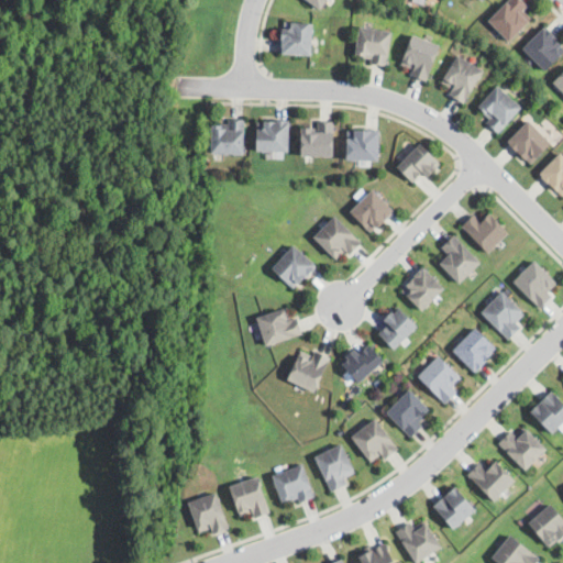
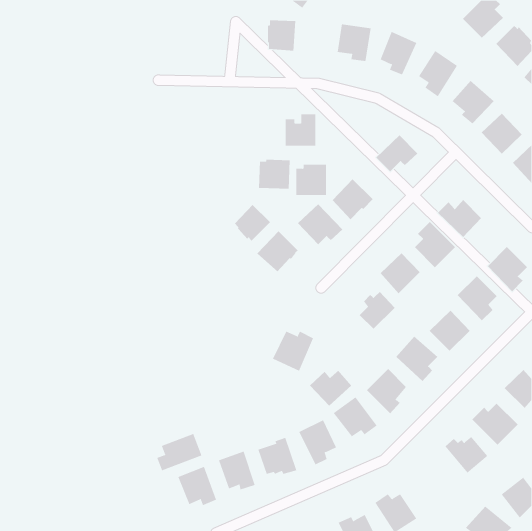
building: [210,120,245,155] -> none
building: [255,121,289,153] -> [258,159,291,189]
building: [345,128,378,161] -> [295,164,327,195]
building: none -> [234,204,271,241]
building: [256,308,302,347] -> none
building: [338,345,383,384] -> [309,370,352,406]
building: none -> [156,433,202,471]
building: [432,487,475,530] -> none

